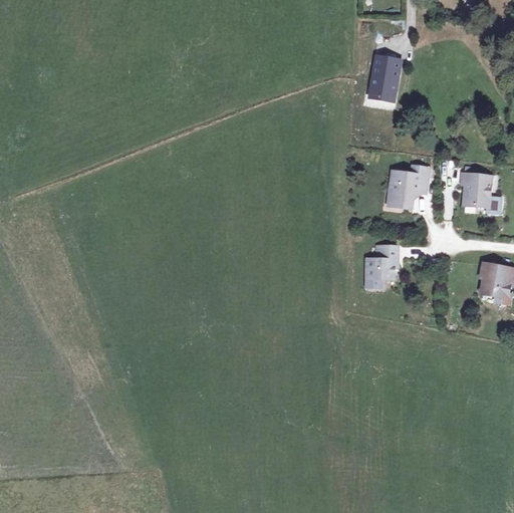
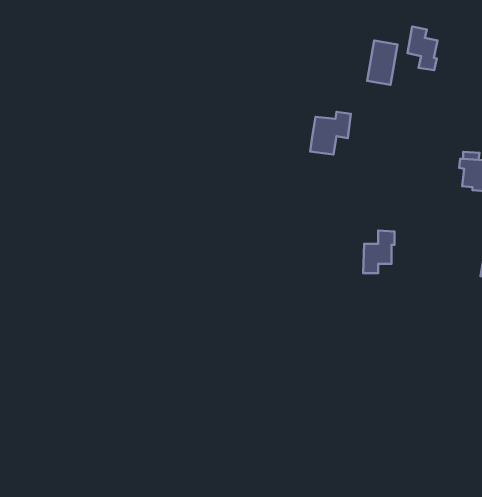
building: none -> [408,27,438,70]
building: [388,166,428,208] -> [310,112,351,154]

